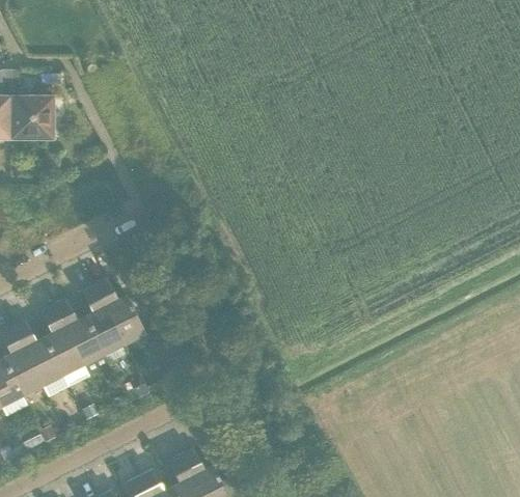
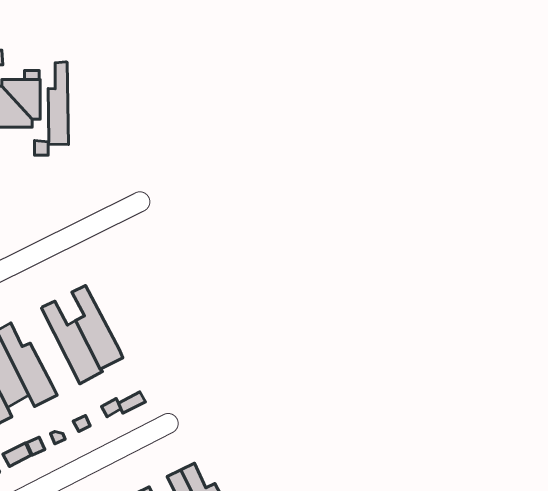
building: none -> [48,62,68,145]
building: [92,278,143,344] -> none
building: [39,306,87,386] -> none

